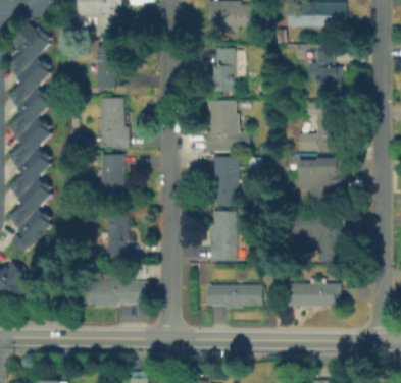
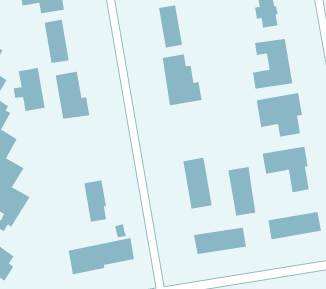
building: [94,154,123,196] -> [13,68,45,111]
building: [215,158,238,206] -> [228,167,256,216]

